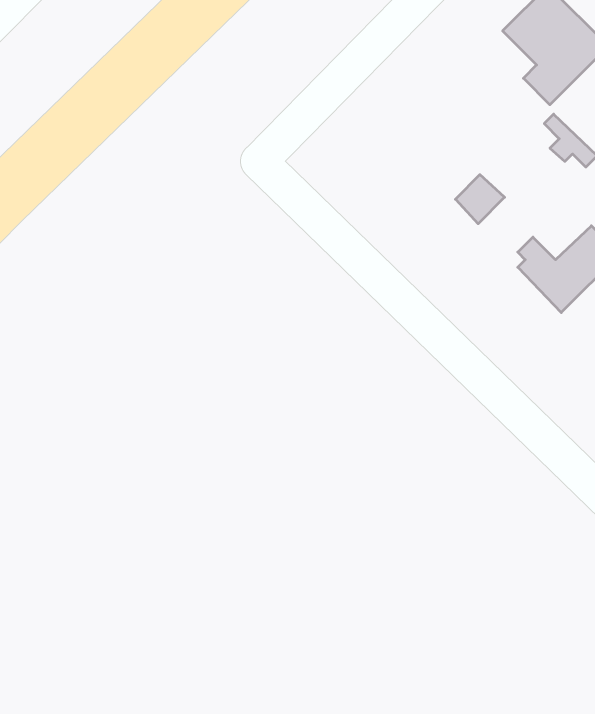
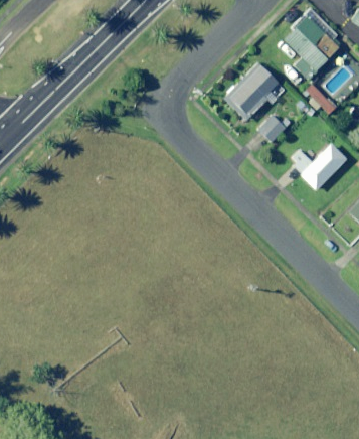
building: none -> [226,63,279,120]

